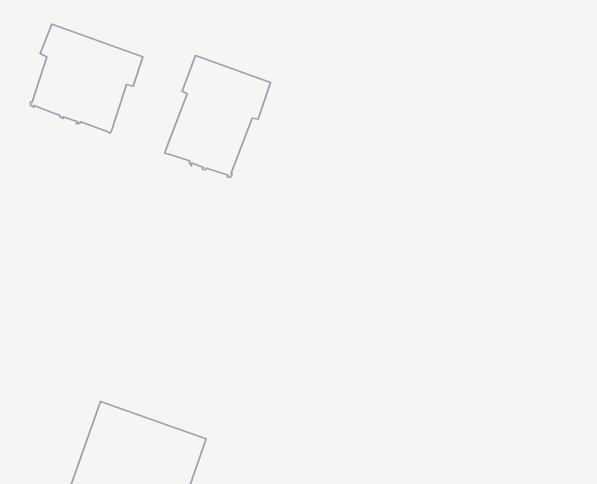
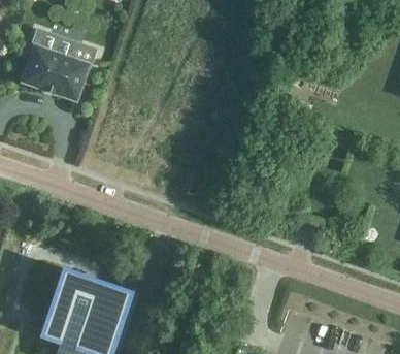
building: [165,56,271,177] -> none

